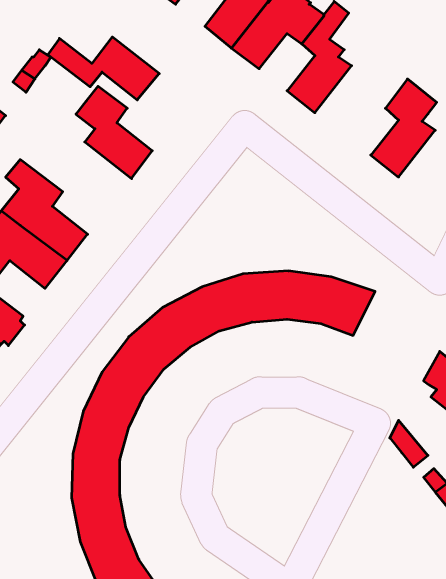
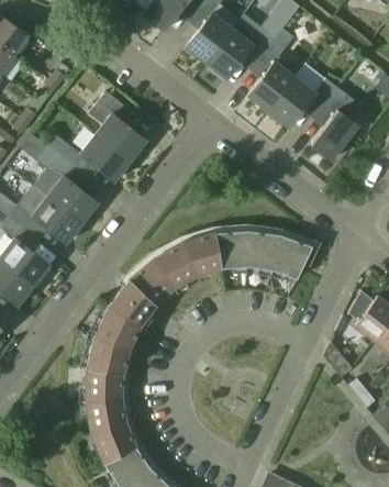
building: [48,37,159,100] -> [47,134,131,181]
building: none -> [268,77,337,128]

